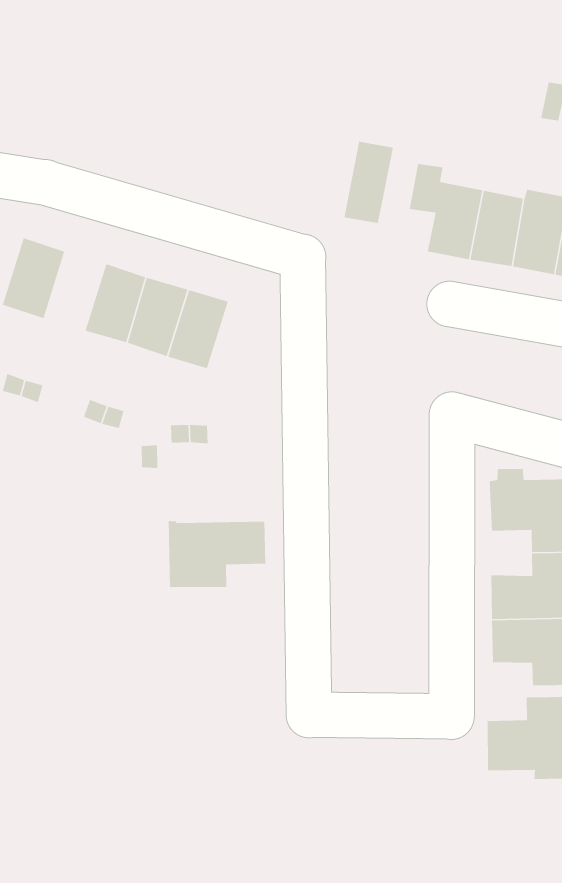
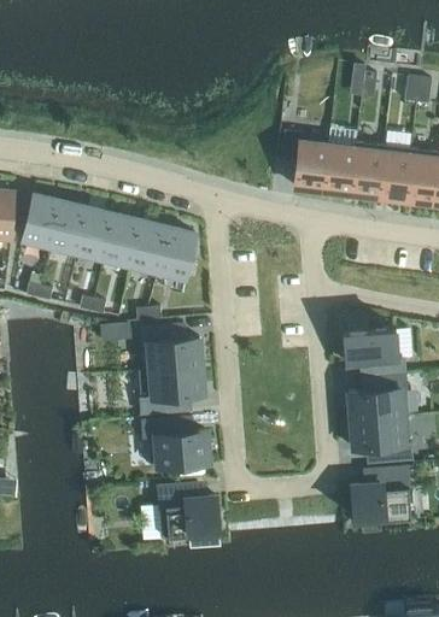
building: [343,141,394,224] -> none
building: none -> [51,201,88,252]
building: none -> [158,227,195,278]
building: none -> [141,325,201,371]
building: none -> [144,418,210,468]
building: none -> [159,483,220,539]

